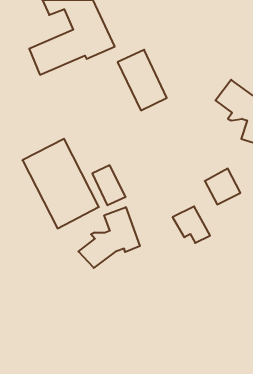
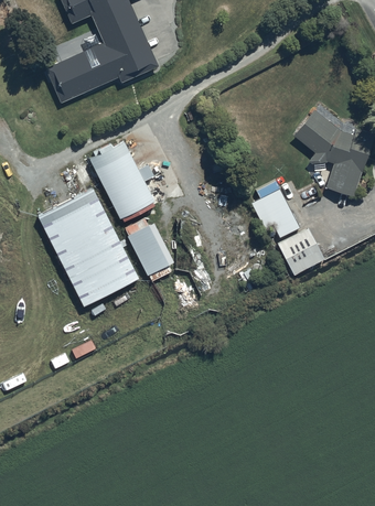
building: [118,50,167,110] -> [90,142,156,223]
building: [173,206,210,243] -> [250,189,300,237]
building: [78,207,140,268] -> none

